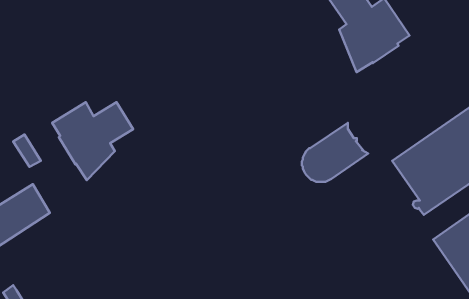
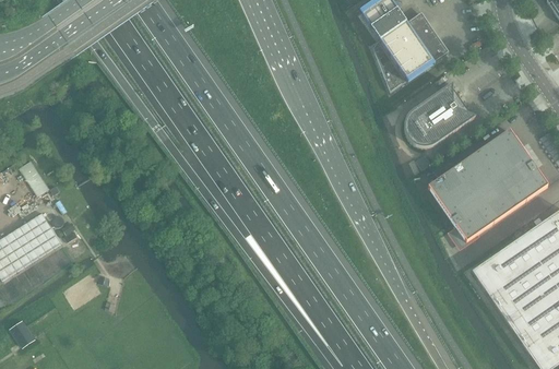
building: [52,102,133,180] -> none
building: [302,123,368,182] -> [404,83,475,146]

